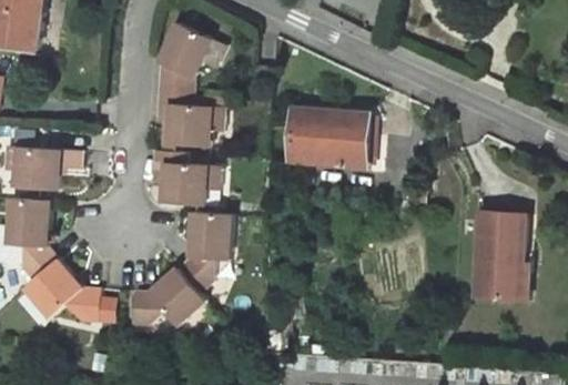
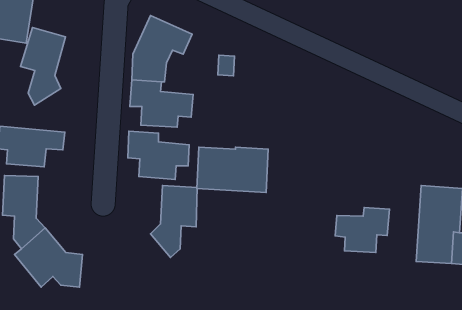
building: none -> [21,27,65,105]
building: [290,114,369,165] -> [197,147,268,193]
building: none -> [335,208,390,252]
building: [130,265,204,328] -> none

